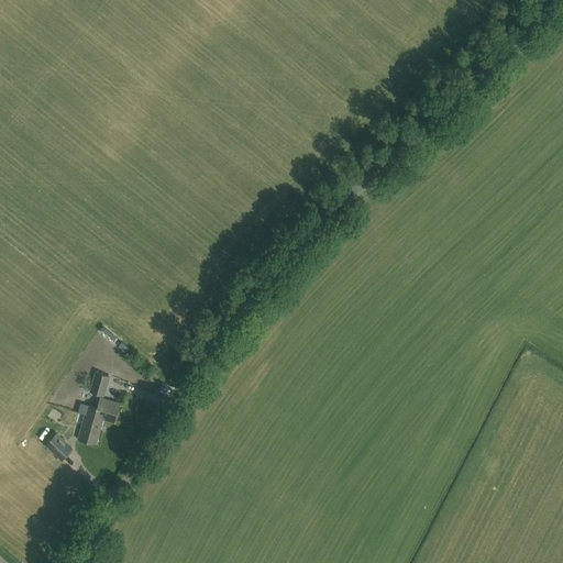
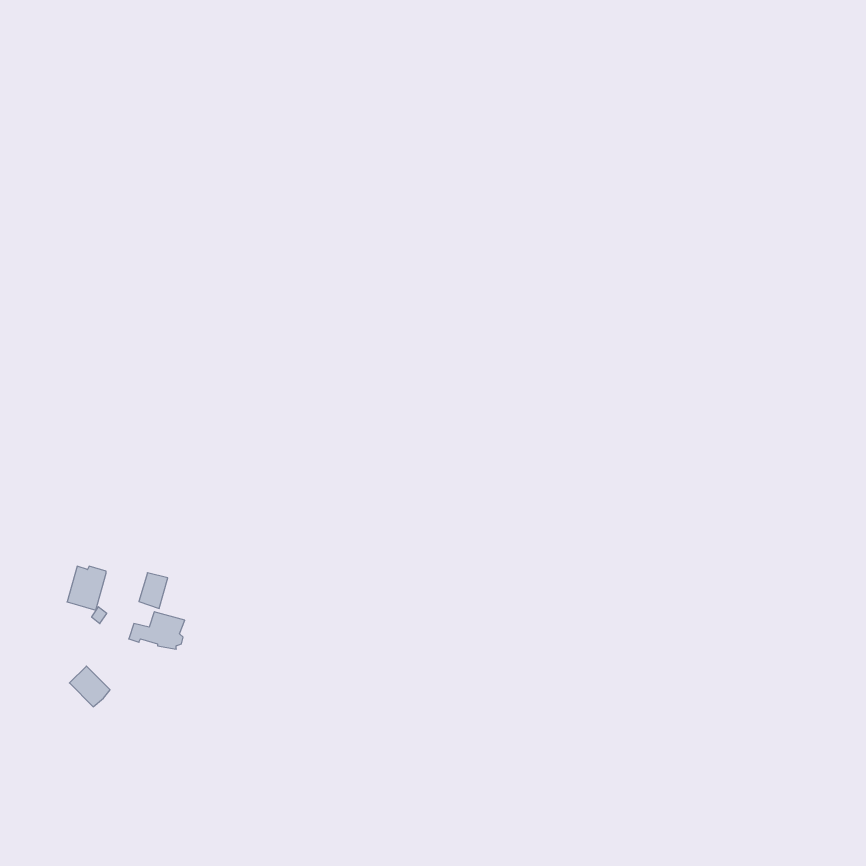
building: [77,415,102,443] -> [67,566,106,610]

